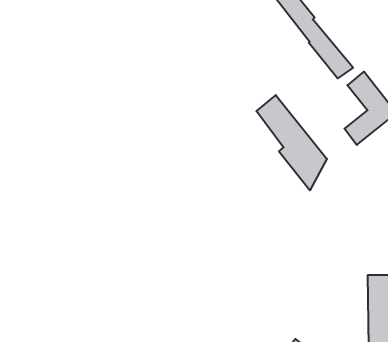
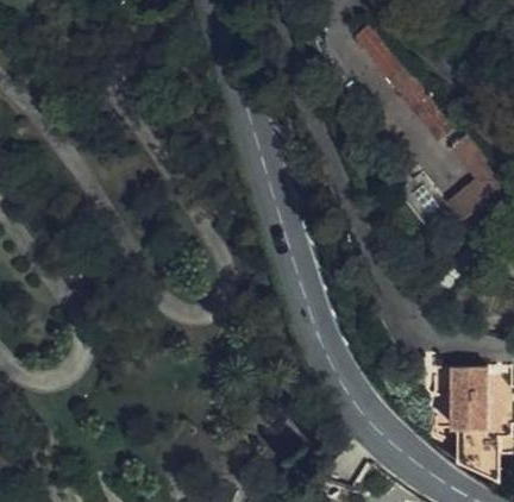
building: [256,95,327,190] -> none

